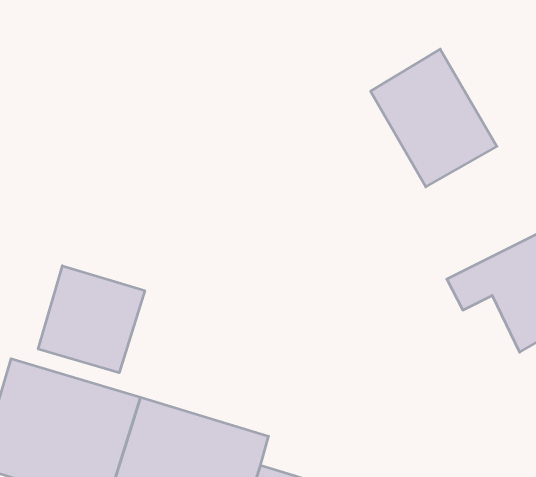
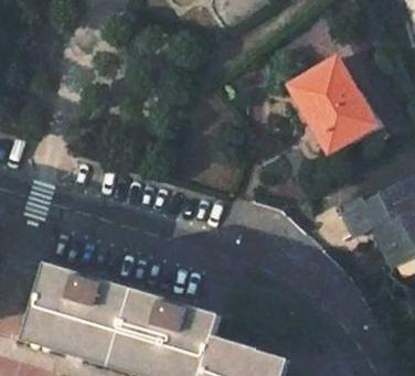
building: [38,266,145,373] -> none

